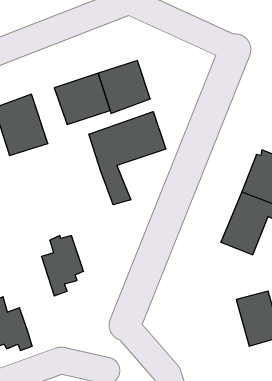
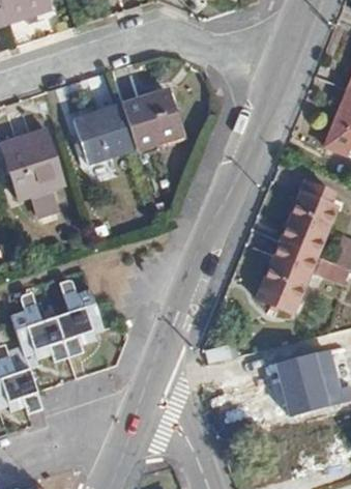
building: [89,112,166,205] -> none
building: none -> [12,304,69,364]

